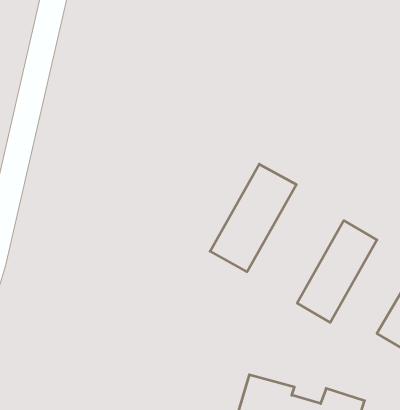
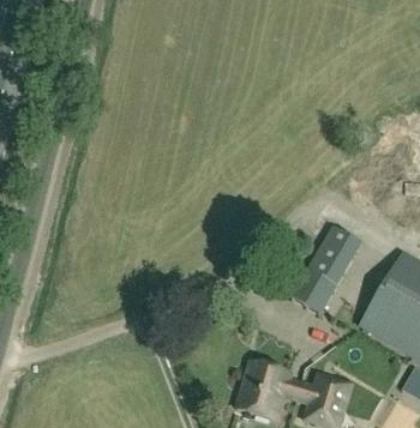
building: [210,164,296,272] -> none

